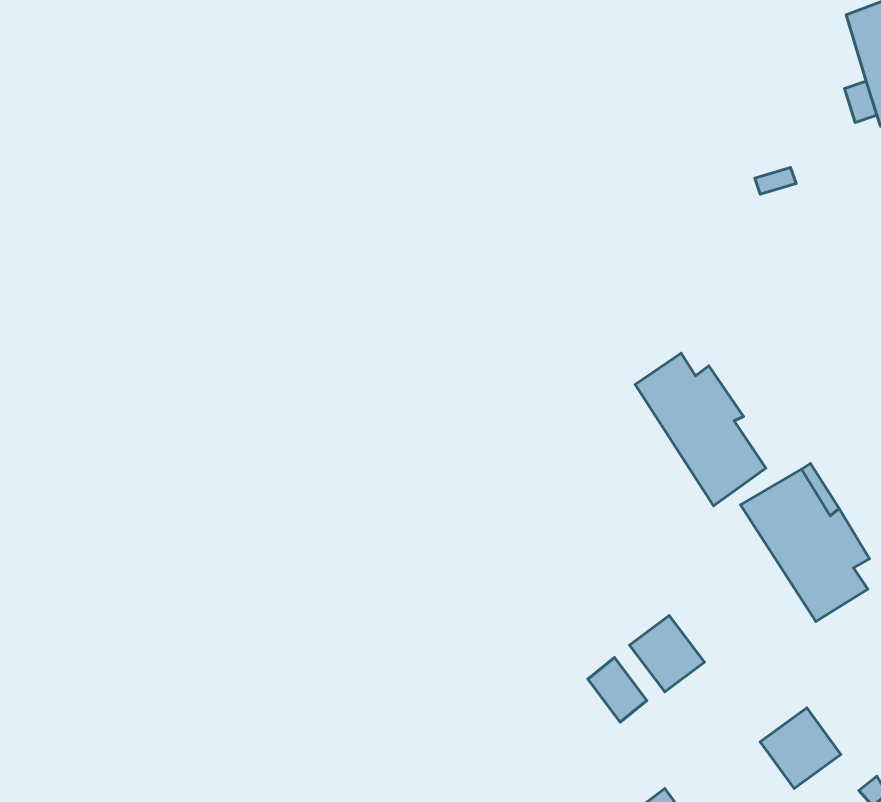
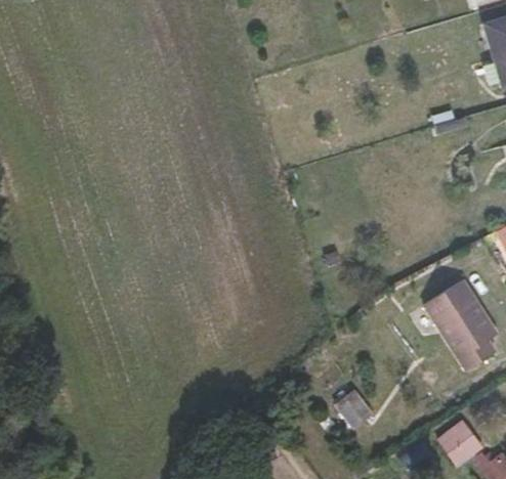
building: [635,353,766,506] -> none
building: [630,615,704,692] -> none

